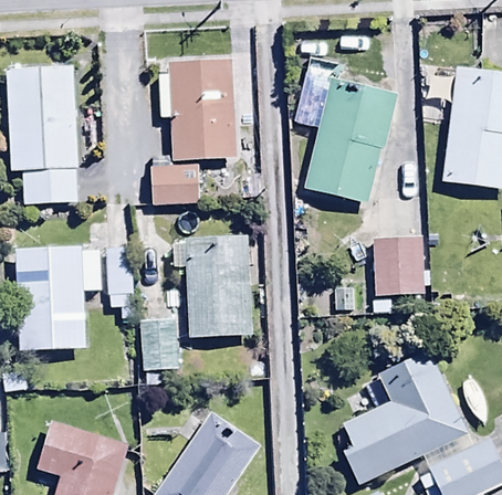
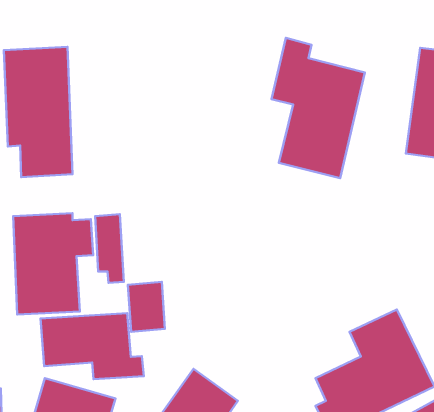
building: [158,61,236,160] -> none
building: [148,165,201,207] -> none
building: [174,235,260,337] -> none
building: [372,235,427,296] -> none
building: none -> [40,313,144,379]

